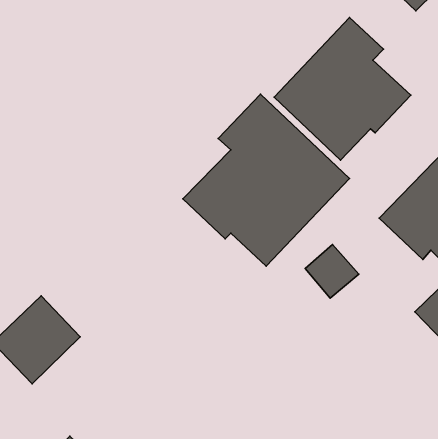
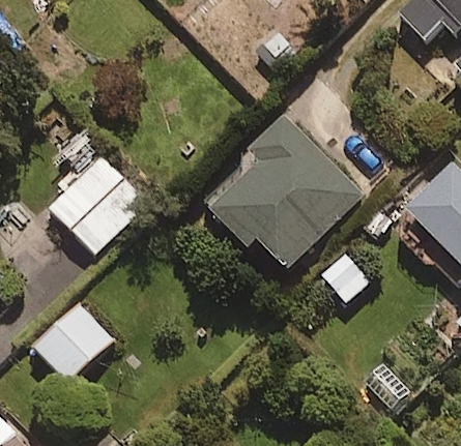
building: [274,17,411,160] -> none
building: none -> [54,155,147,248]

